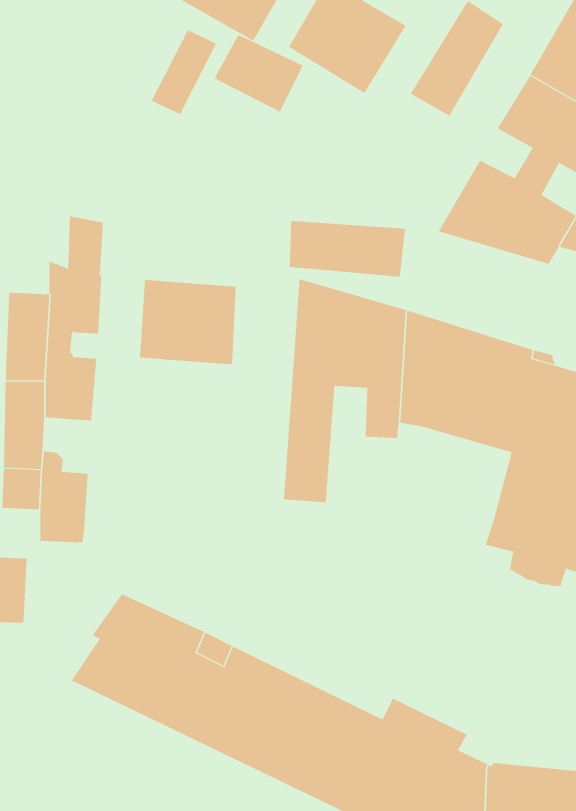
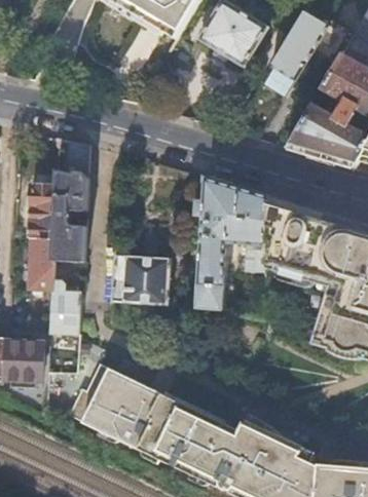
building: [214,34,304,112] -> none
building: [289,220,405,278] -> none
building: [139,280,236,365] -> [110,255,168,305]

